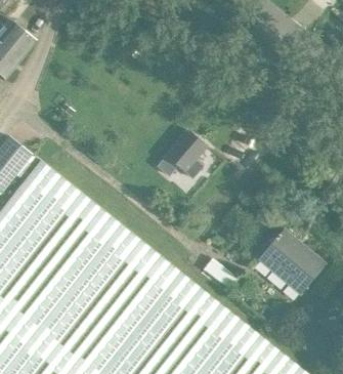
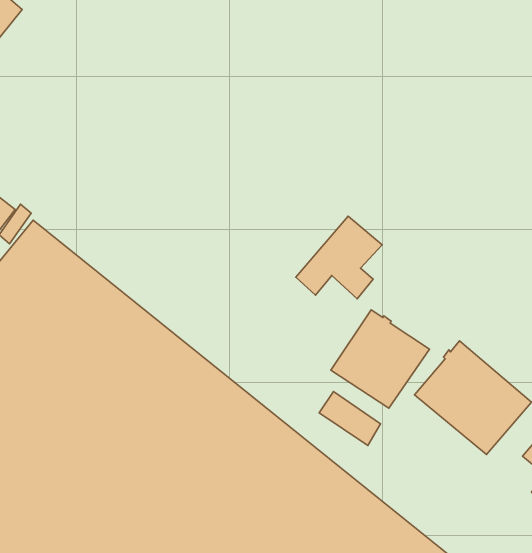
building: [158,131,207,178] -> [296,216,382,299]
building: none -> [331,310,430,408]

